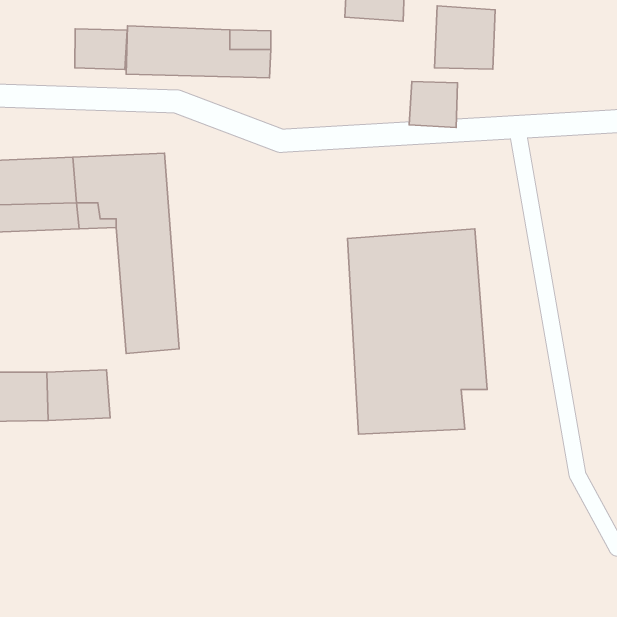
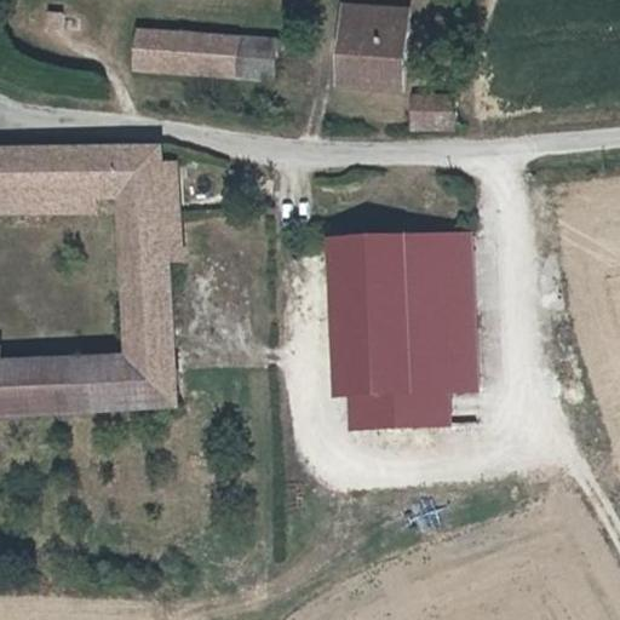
building: [435,6,495,69] -> [335,17,395,79]
building: [75,29,127,69] -> none
building: none -> [104,341,179,409]

